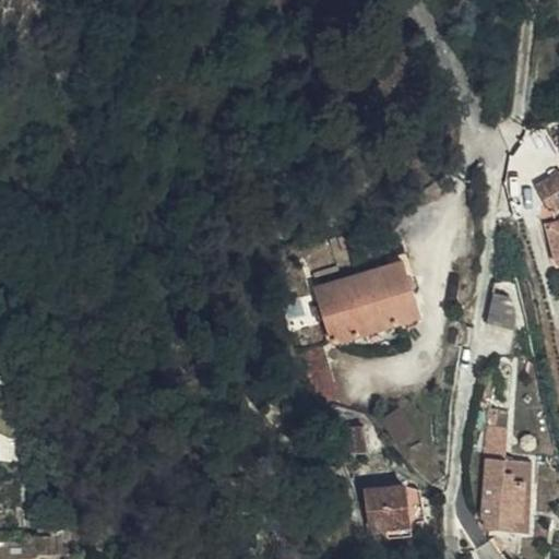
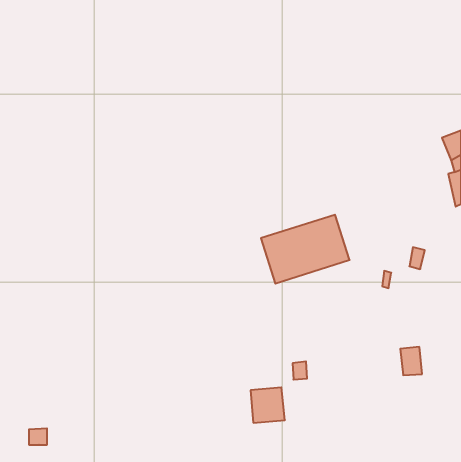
building: [483,461,523,531] -> none
building: [371,489,413,532] -> [251,387,285,423]

